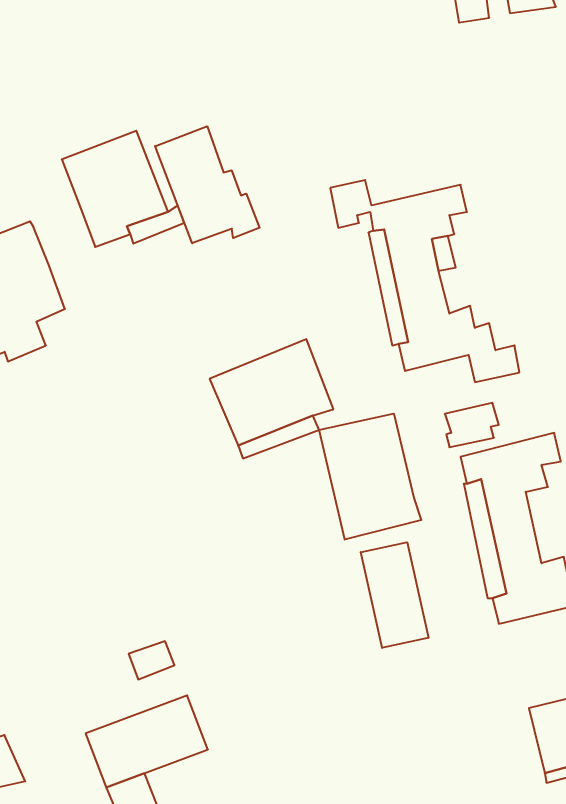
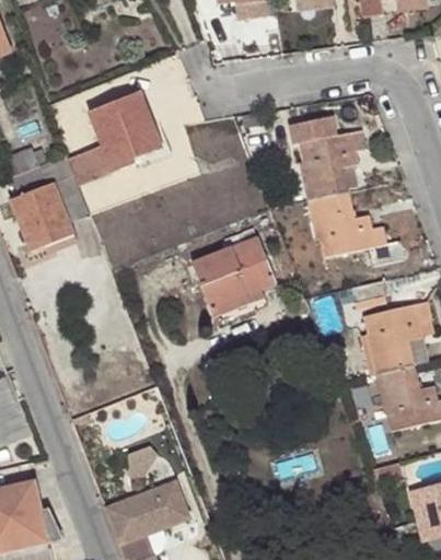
building: [155,126,260,243] -> none
building: none -> [68,145,111,185]
building: [319,414,421,540] -> none
building: [361,542,428,648] -> none

